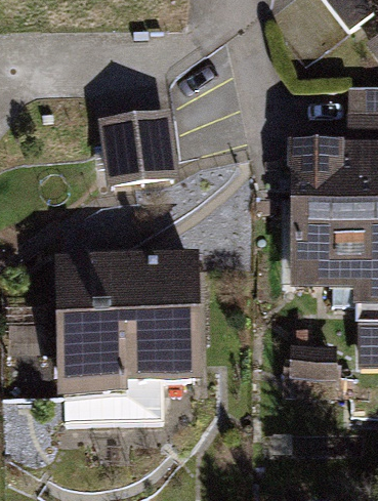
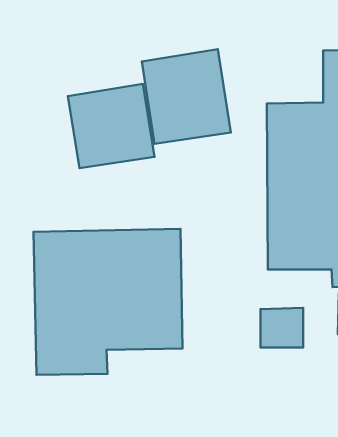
building: none -> [142,49,231,144]

